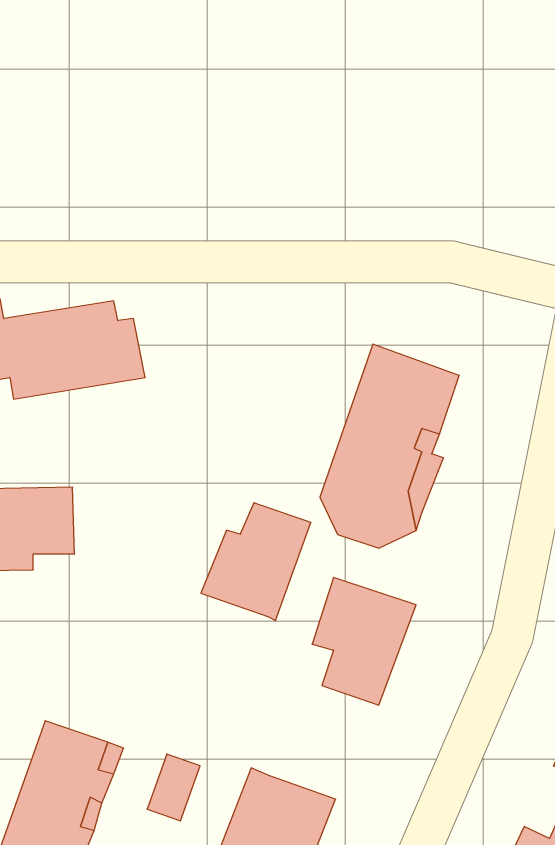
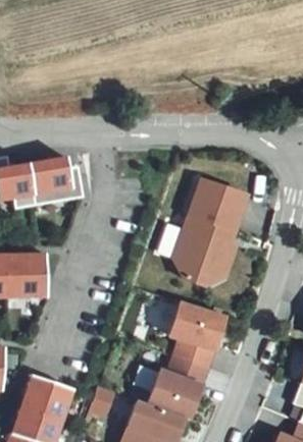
building: [201,503,311,621] -> [147,357,204,419]

